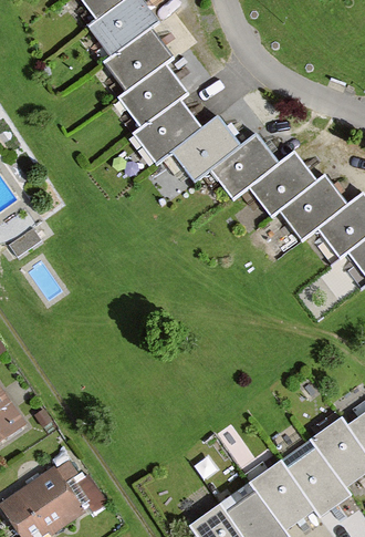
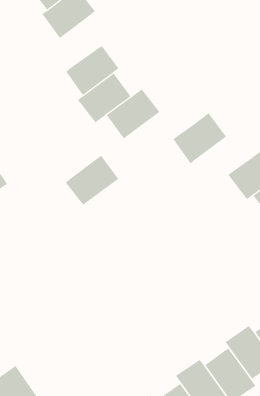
building: [102,29,170,93] -> none
building: [207,135,274,198] -> [65,155,119,205]
building: [279,175,347,239] -> none

